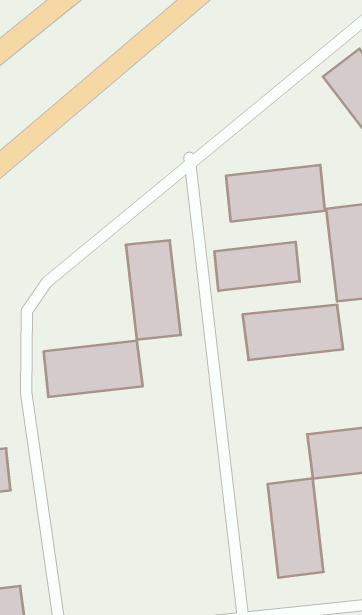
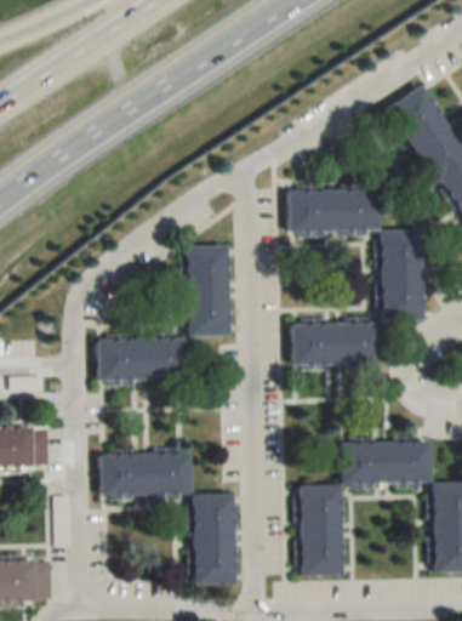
building: [215,242,300,291] -> none
building: none -> [101,452,236,585]

